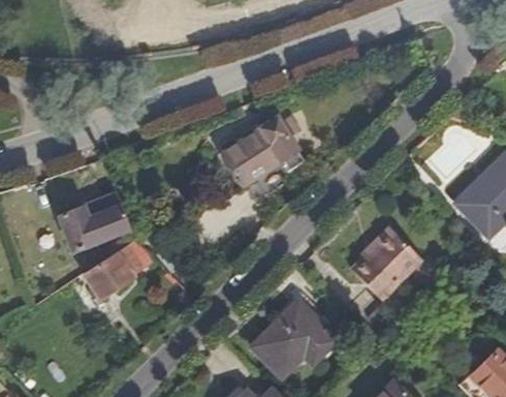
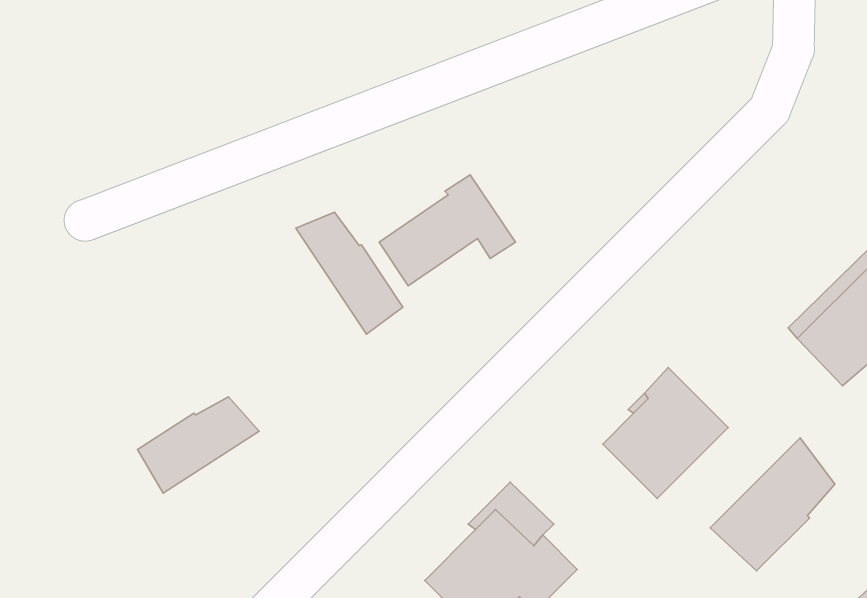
building: none -> [296,212,403,334]
building: [63,191,131,248] -> none
building: none -> [710,438,835,571]

